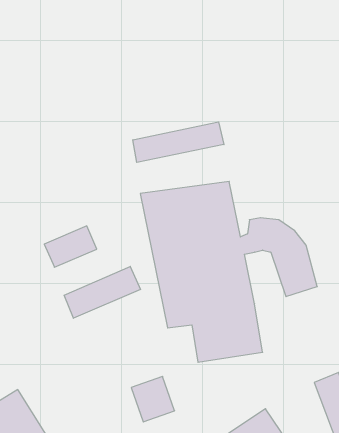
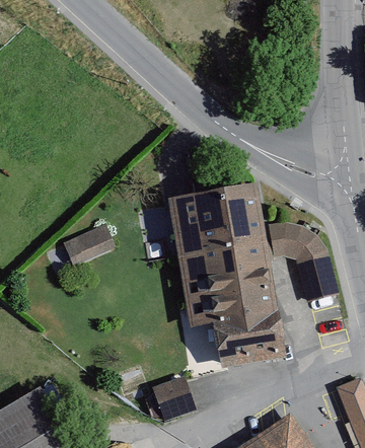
building: [133,122,224,162] -> none
building: [64,266,141,318] -> none

